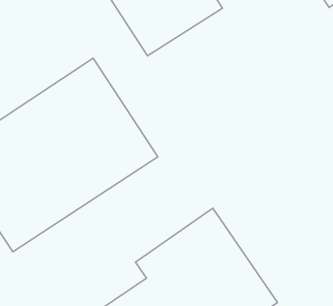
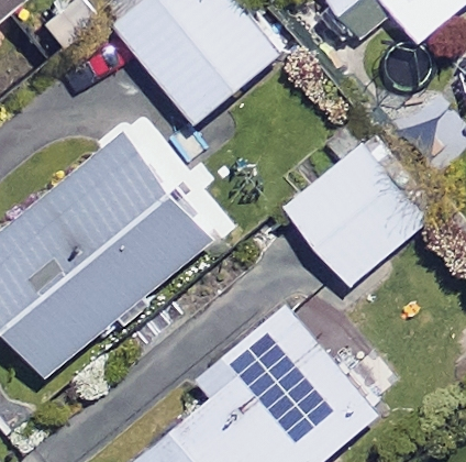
building: none -> [285,140,430,284]

